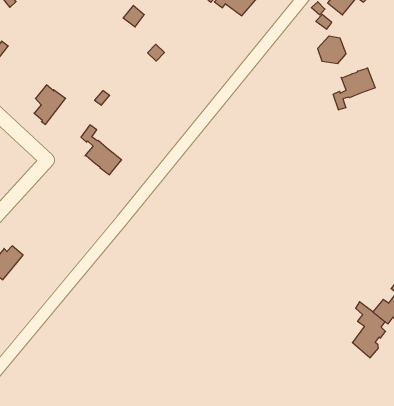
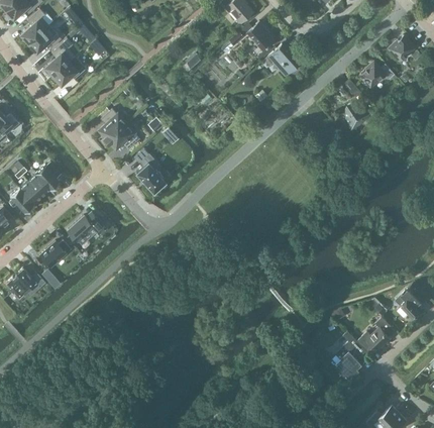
building: [333,68,375,110] -> none
building: none -> [107,122,140,149]
building: none -> [69,211,107,244]

